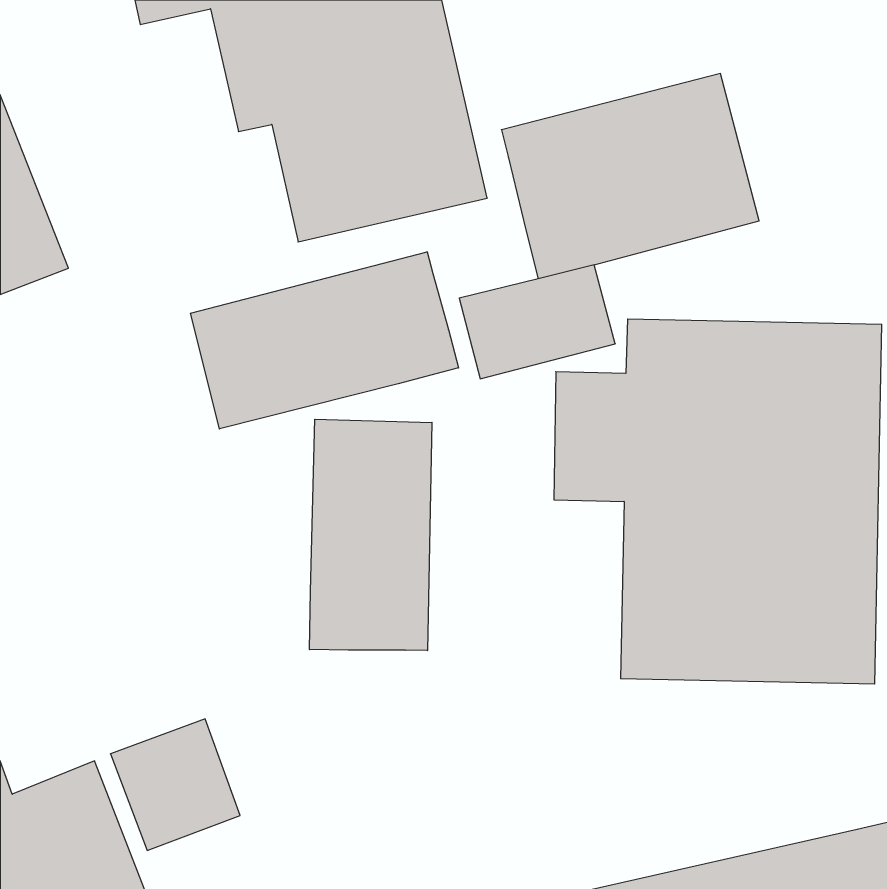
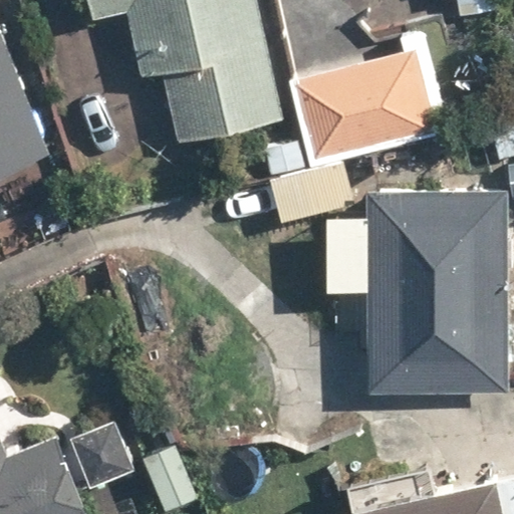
building: [190,252,459,429] -> none
building: [310,419,432,651] -> none

